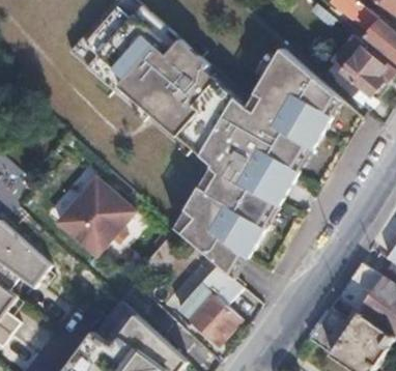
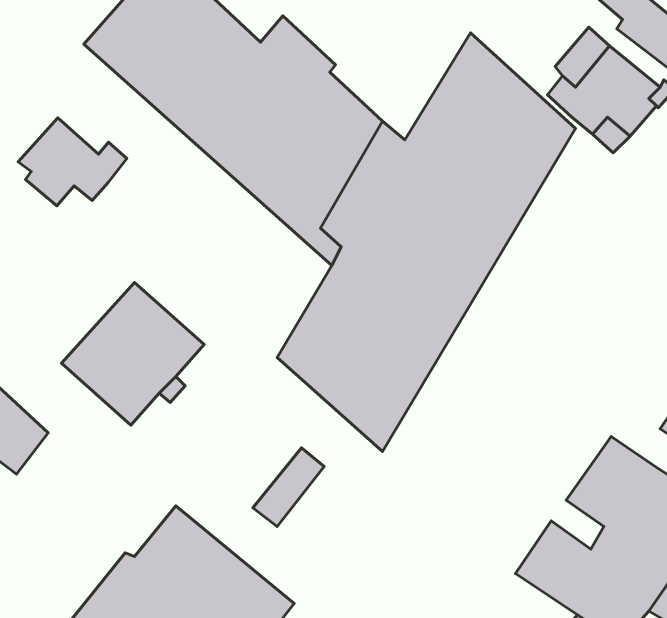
building: none -> [18,118,127,206]
building: [193,266,245,344] -> none

